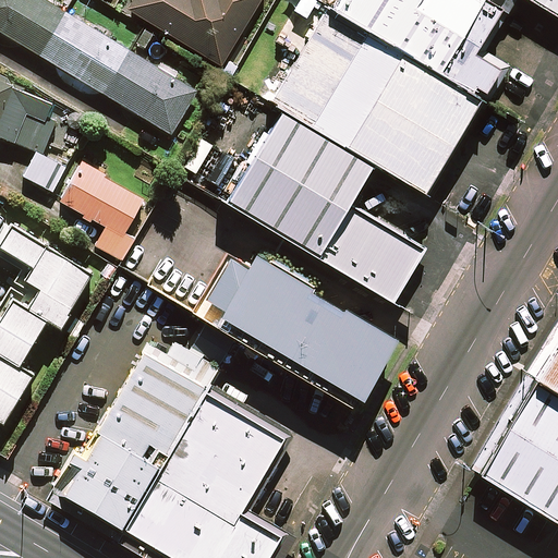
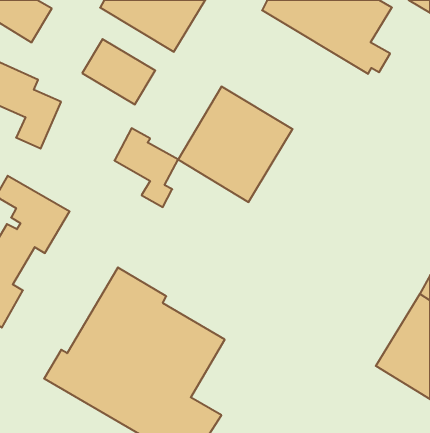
building: [270,9,482,195] -> none
building: [40,12,132,95] -> none
building: [59,158,141,259] -> [114,128,178,207]
building: [319,208,424,304] -> none
building: [194,254,397,405] -> none

